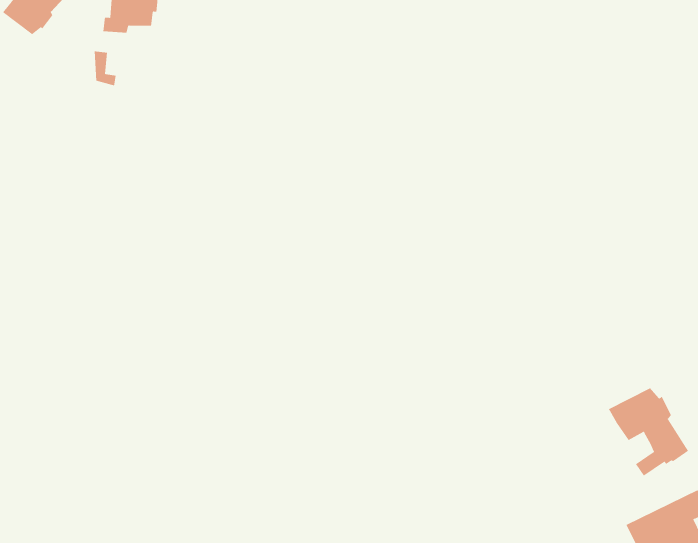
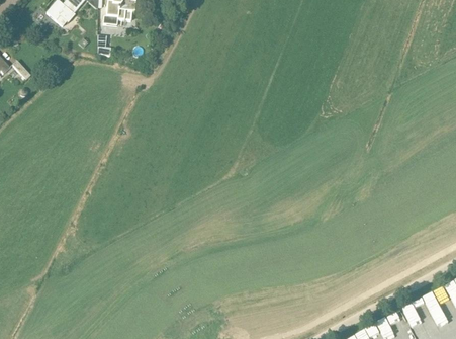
building: [608,387,689,476] -> none

